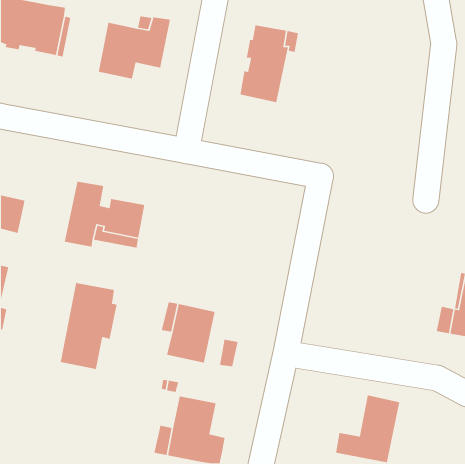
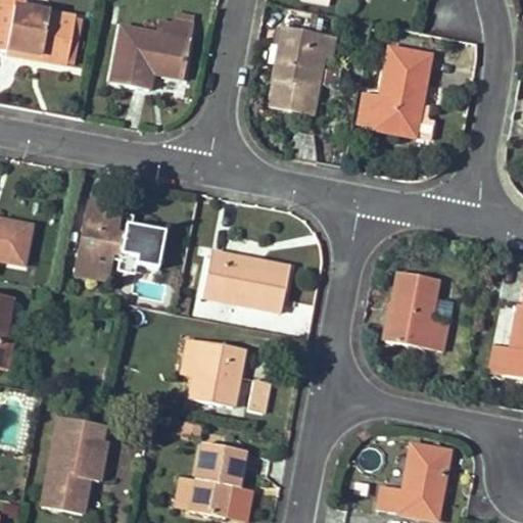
building: none -> [374,46,431,135]
building: none -> [201,250,289,311]
building: none -> [385,271,446,350]
building: [60,282,117,370] -> [41,416,105,514]

